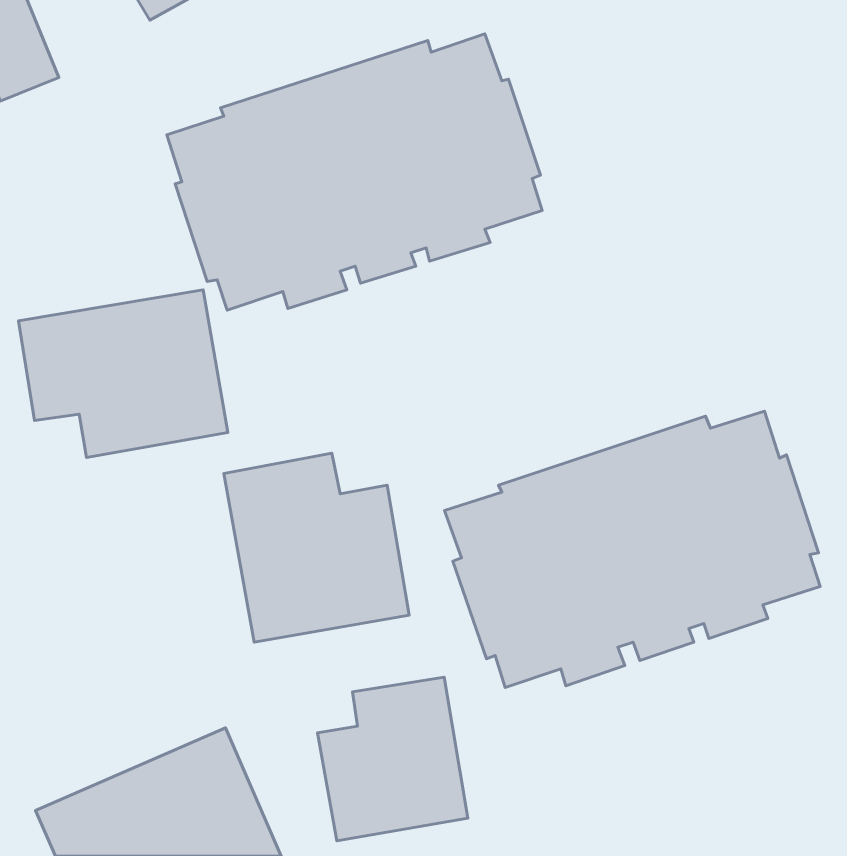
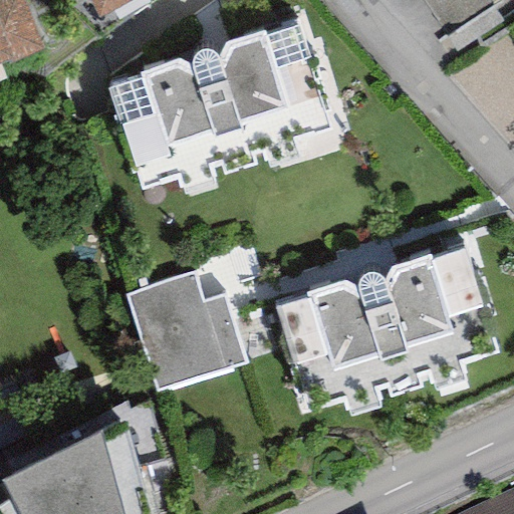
building: [19,290,228,458] -> none
building: [317,677,468,841] -> none

